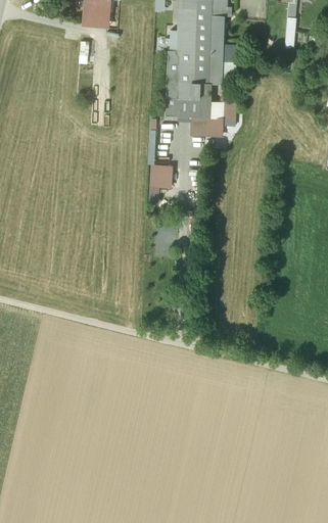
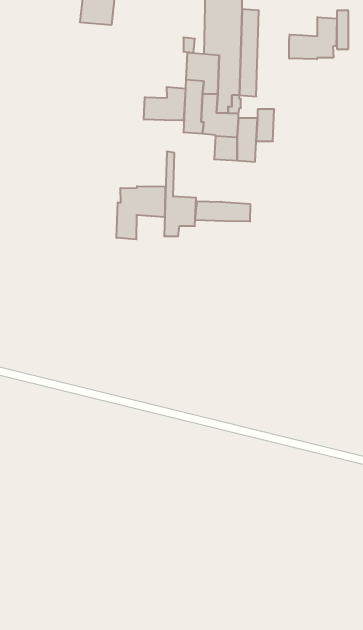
building: none -> [289,17,337,59]
building: none -> [144,87,185,121]
building: none -> [117,186,165,239]
building: none -> [195,201,250,222]

